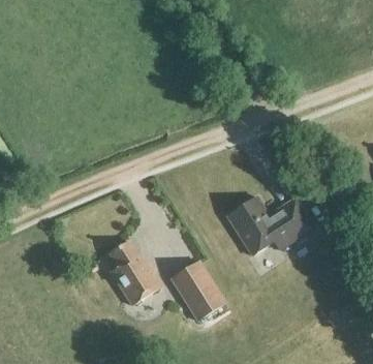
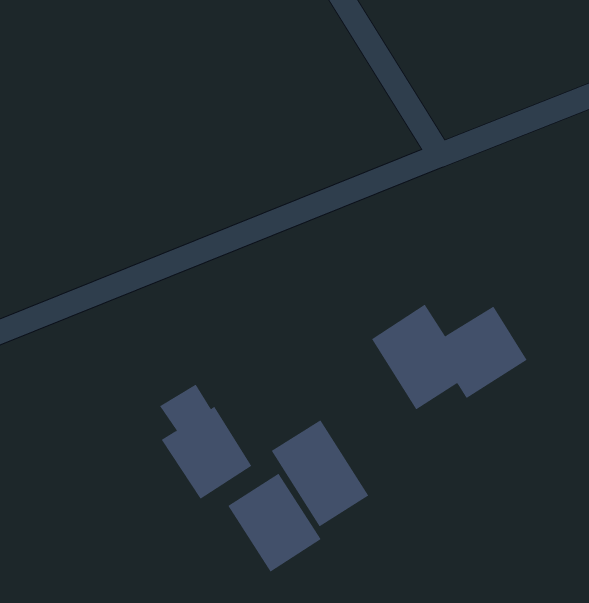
building: none -> [228,473,322,573]

